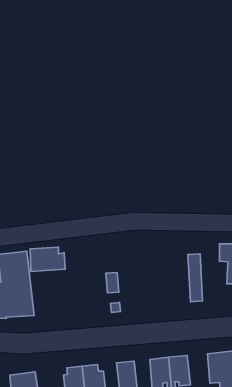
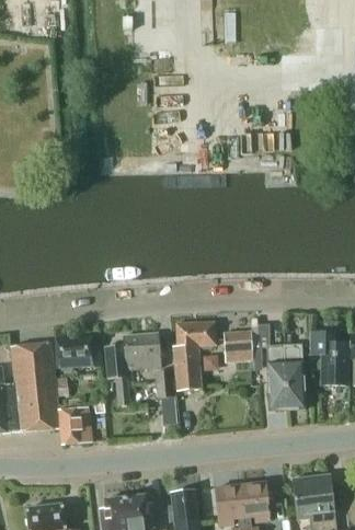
building: none -> [172,322,216,391]
building: none -> [105,333,161,406]
building: none -> [224,333,253,358]
building: none -> [284,345,305,408]
building: none -> [58,407,91,445]

